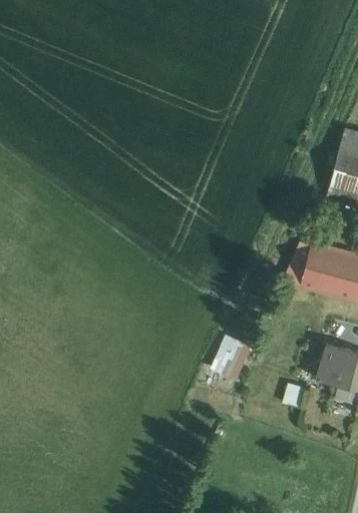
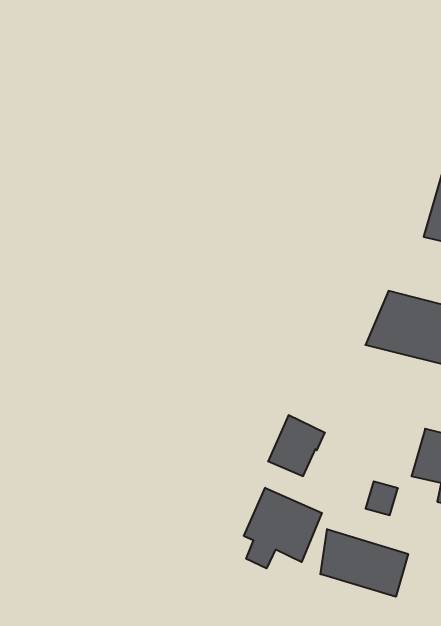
building: none -> [244,488,322,568]
building: none -> [320,529,408,597]

